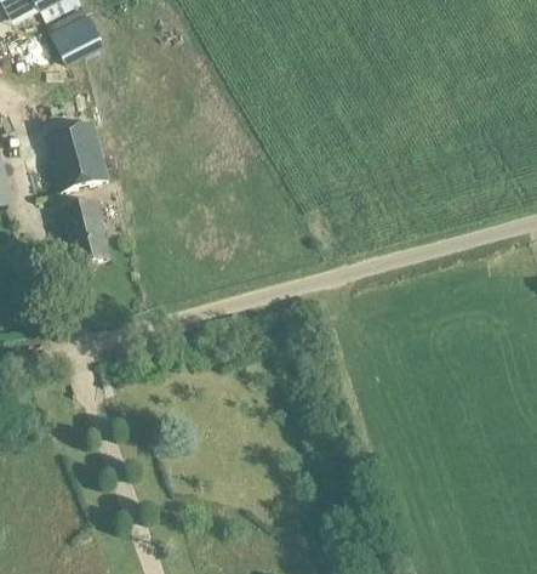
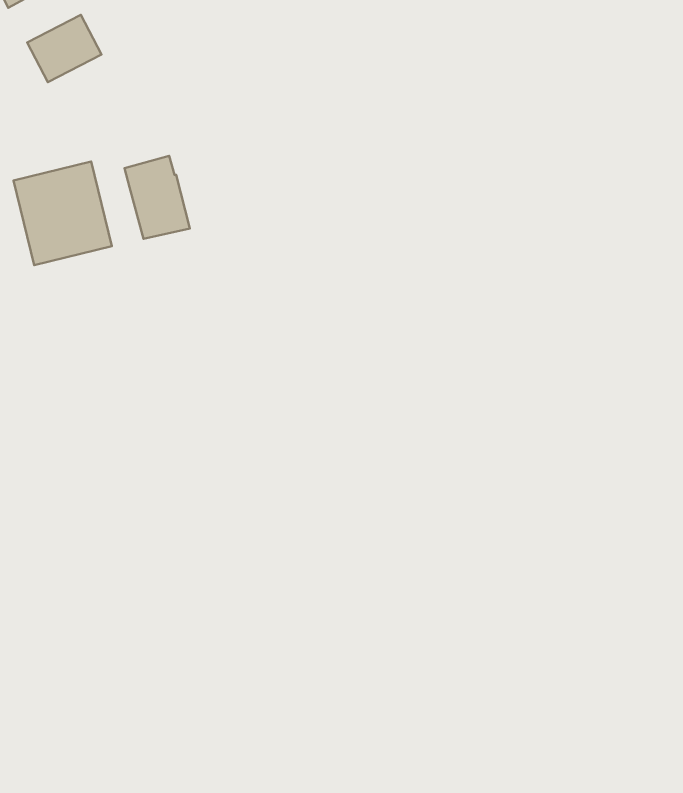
building: [64,201,110,260] -> [124,156,190,239]

